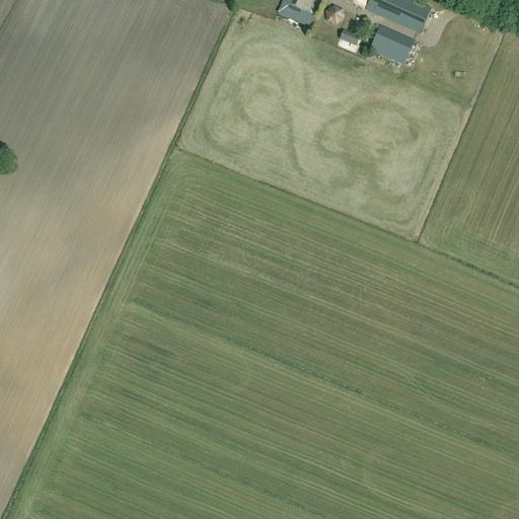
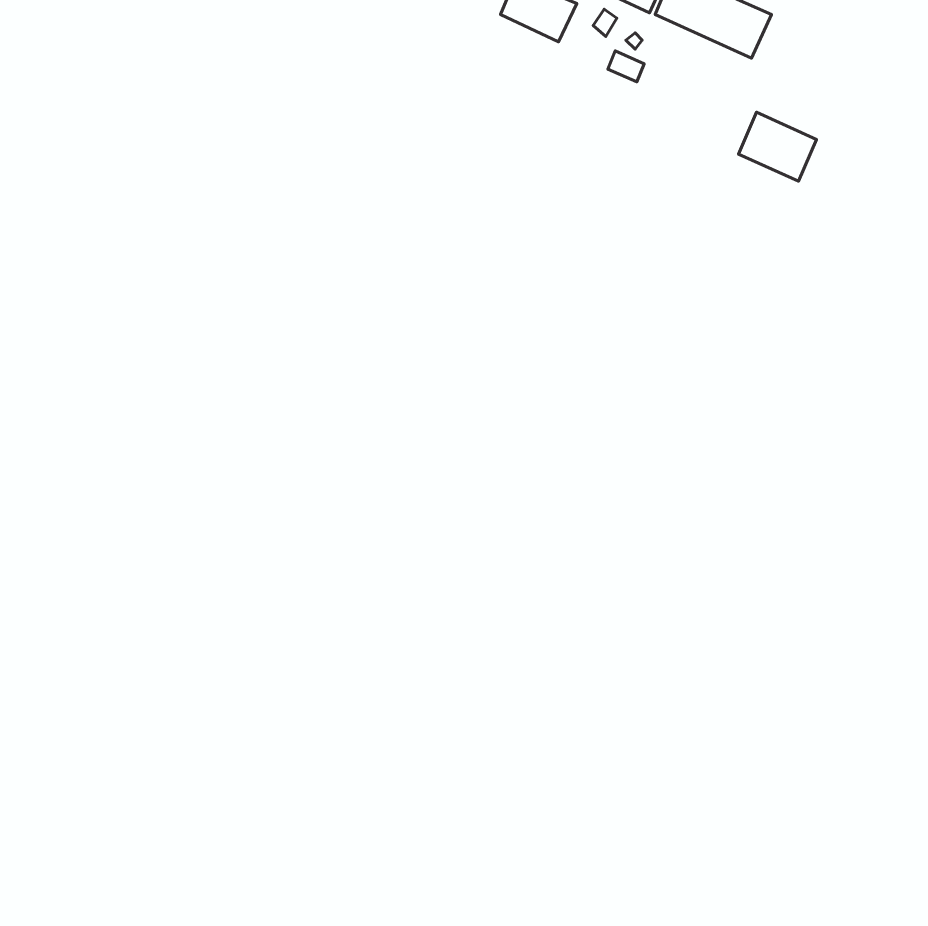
building: [369,25,413,64] -> [738,112,817,181]

